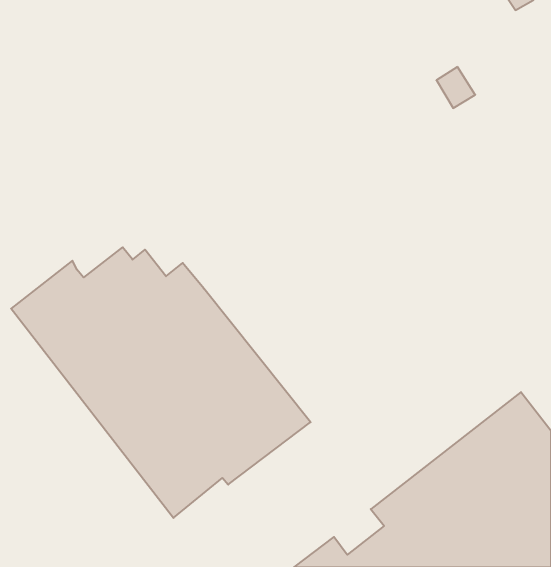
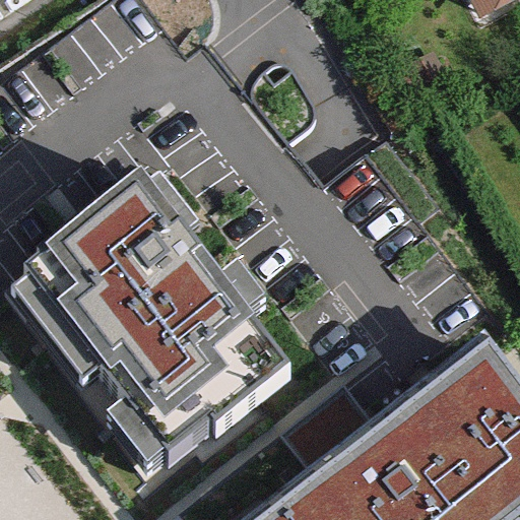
building: none -> [102,176,203,263]

